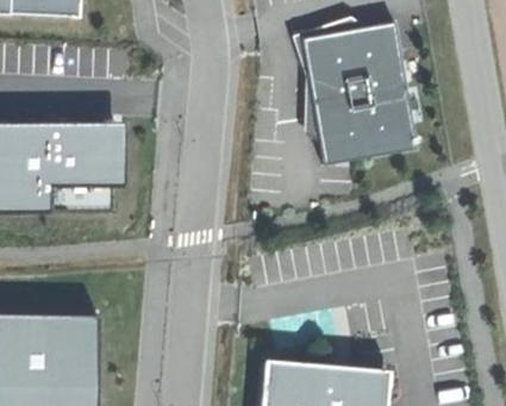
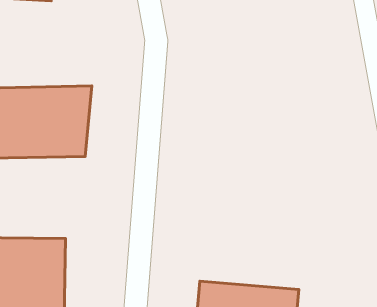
building: [301,20,416,161] -> none

